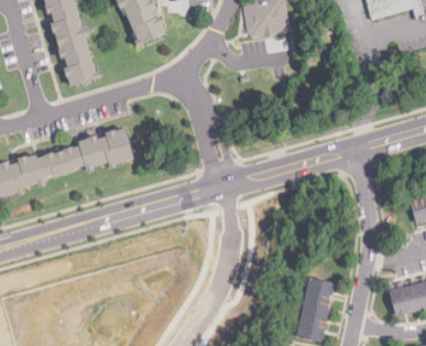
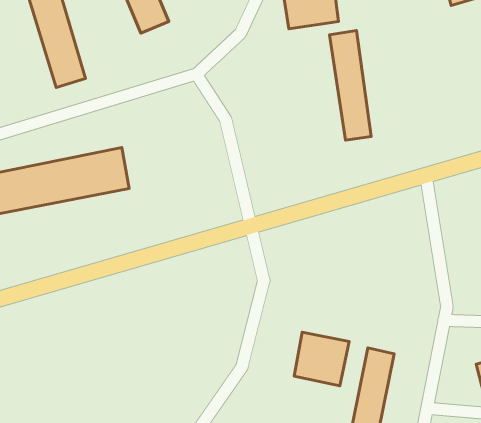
building: none -> [330,30,371,140]
building: none -> [294,332,349,386]

